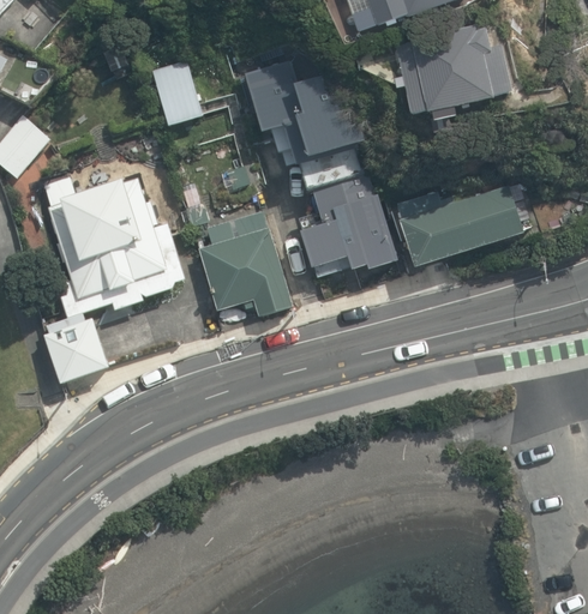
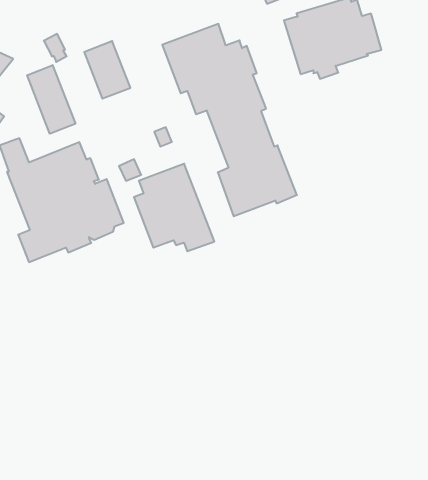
building: none -> [27,65,75,134]
building: [394,181,523,267] -> none
building: [43,318,109,384] -> none

